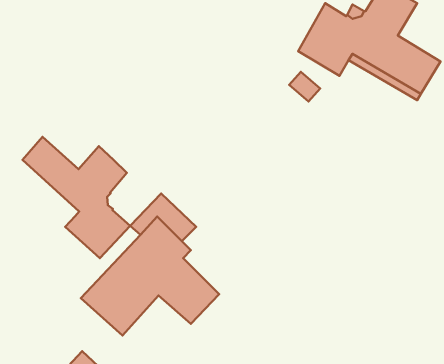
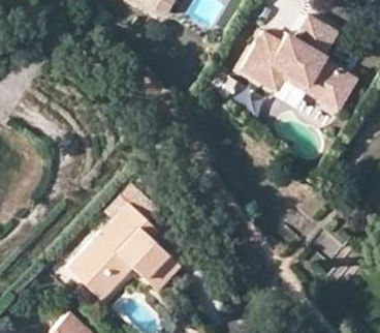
building: [22,137,130,258] -> none

